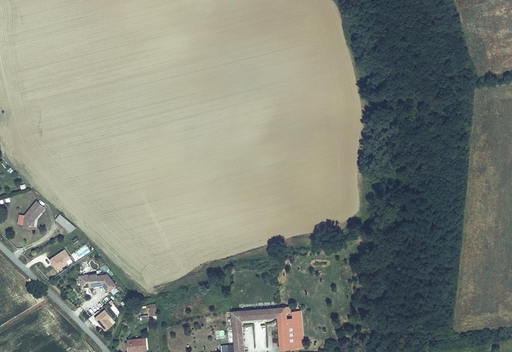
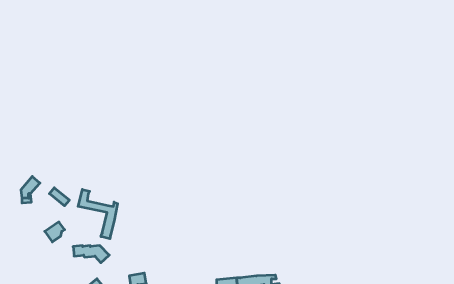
building: none -> [78,189,118,239]

